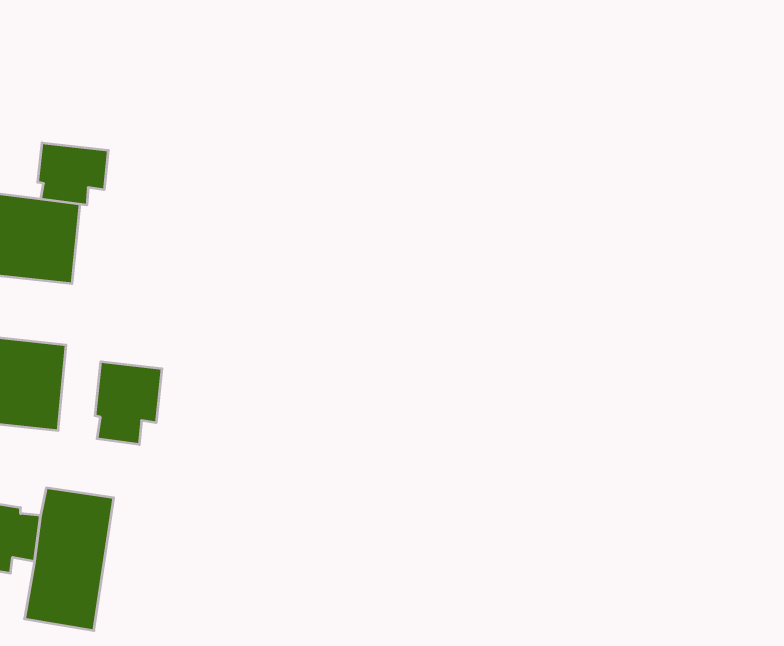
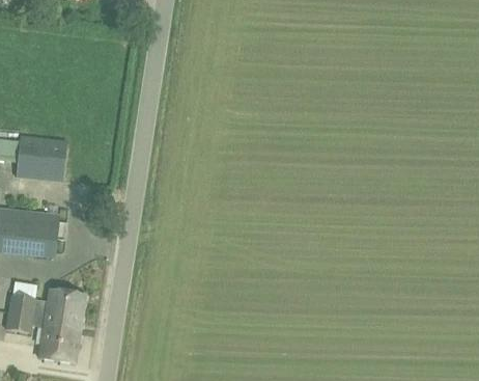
building: [38,143,108,205] -> none
building: [95,362,162,445] -> none

